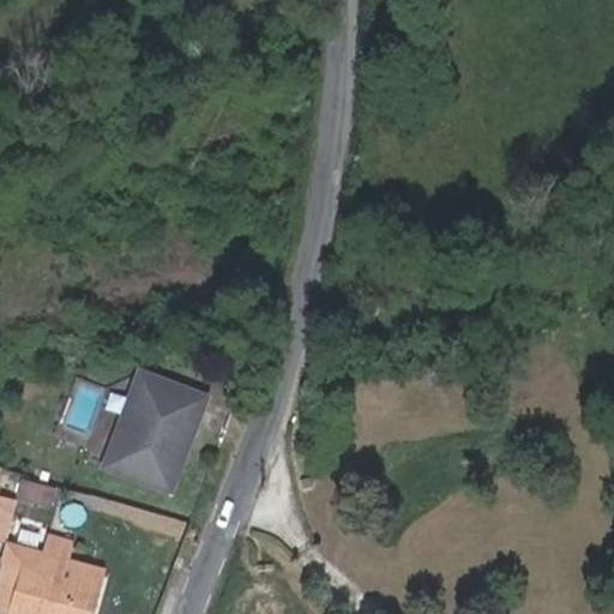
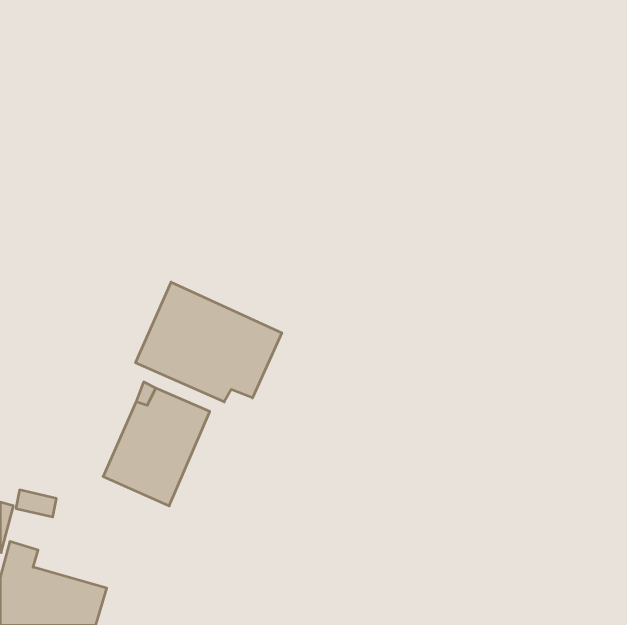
building: none -> [136,282,282,402]

